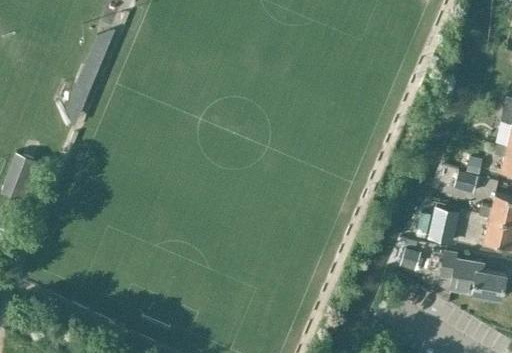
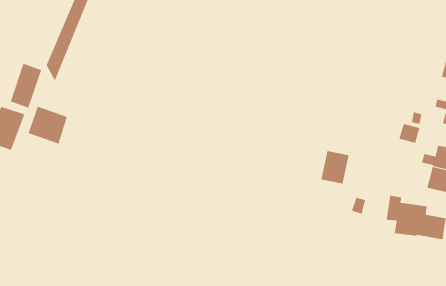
building: none -> [10,63,42,108]
building: none -> [28,106,67,144]
building: [427,207,459,244] -> [320,151,350,184]

